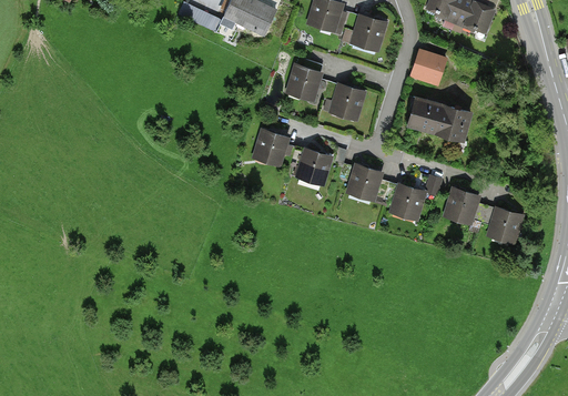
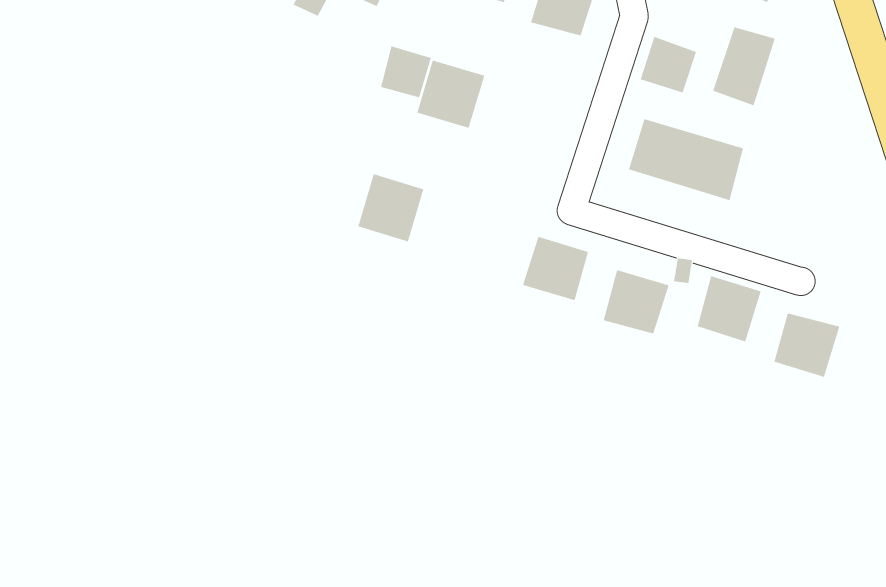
building: none -> [712,27,775,106]
building: none -> [380,46,432,98]
building: [328,83,365,122] -> none
building: [295,148,333,185] -> none

